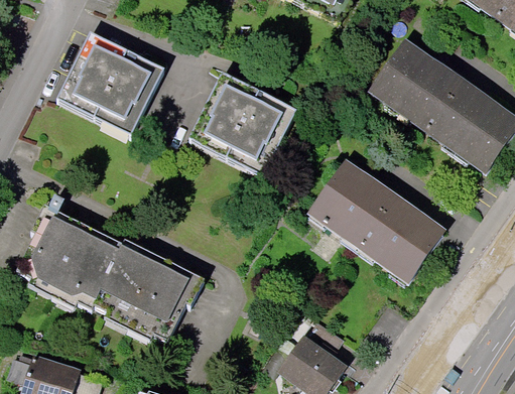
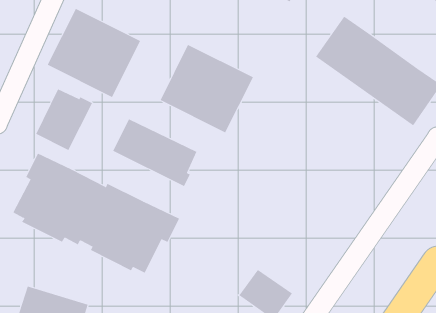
building: none -> [35,88,93,151]
building: none -> [113,118,197,187]
building: [311,162,441,277] -> none

